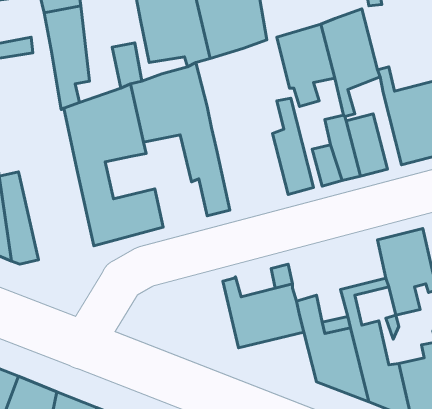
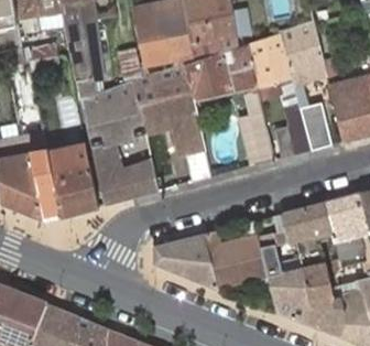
building: none -> [183,43,257,97]
building: none -> [46,142,97,216]
building: none -> [258,201,330,248]
building: none -> [153,233,217,288]

